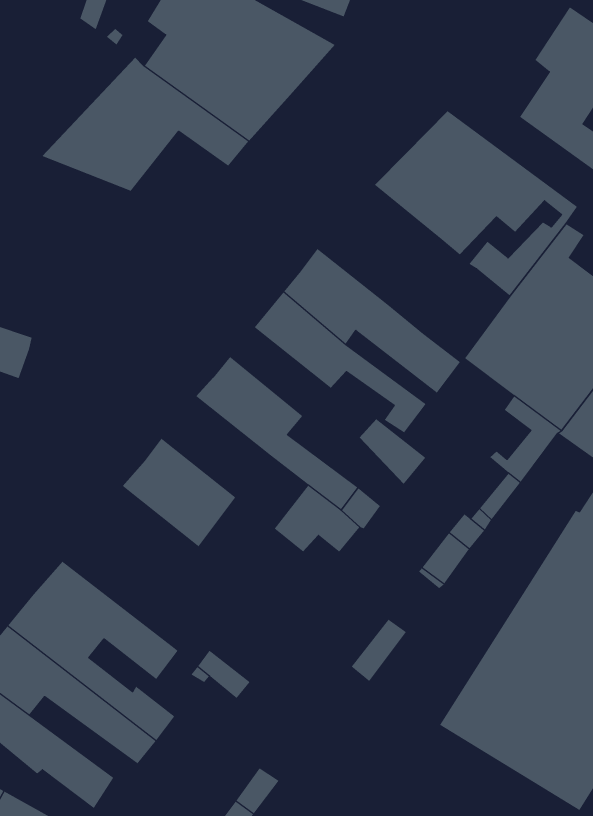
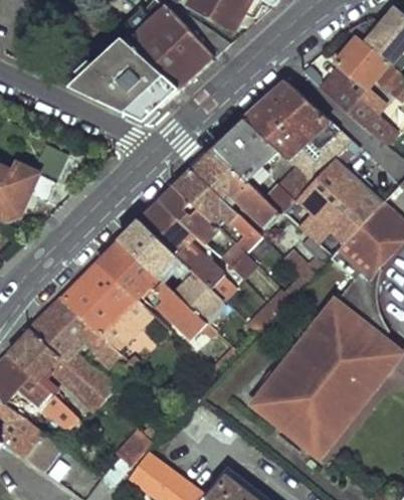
building: none -> [117,79,169,123]
building: none -> [211,118,276,181]
building: none -> [262,167,310,215]
building: none -> [160,186,215,241]
building: none -> [120,219,176,275]
building: none -> [61,263,150,349]
building: none -> [152,281,213,339]

